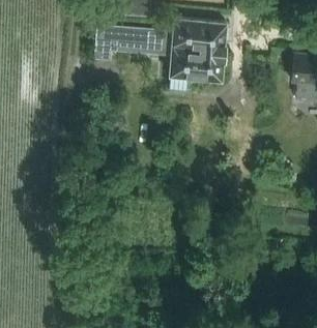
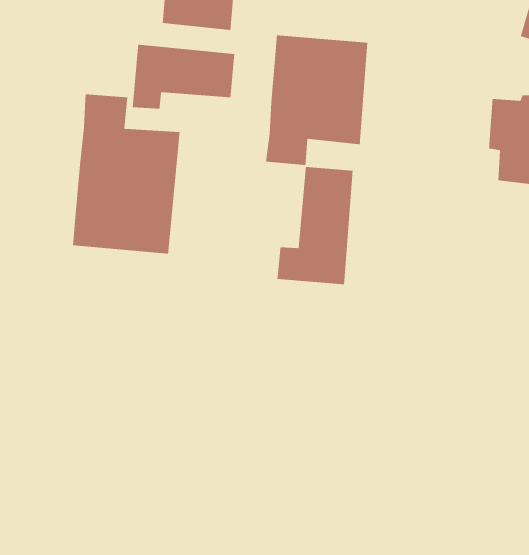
building: none -> [72,93,181,254]
building: none -> [276,166,353,285]

